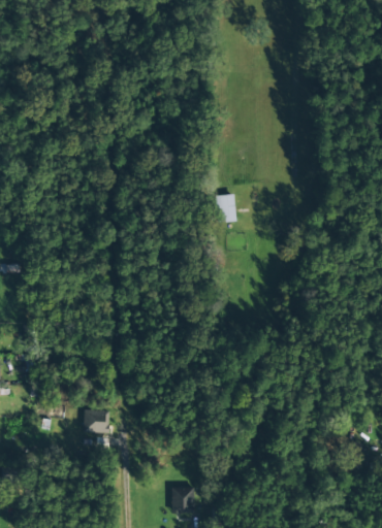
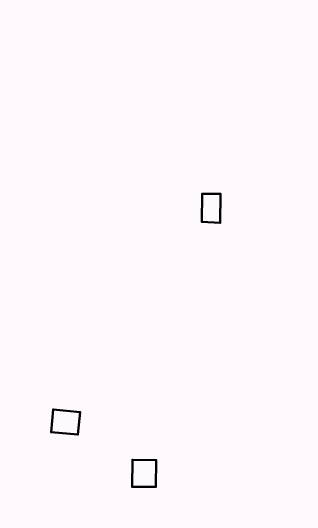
building: [170,486,194,513] -> [132,460,156,487]

